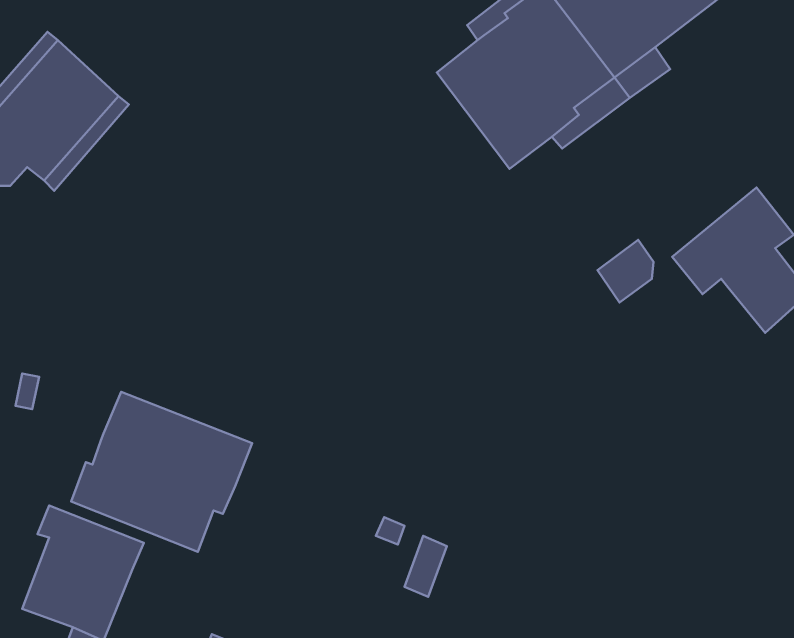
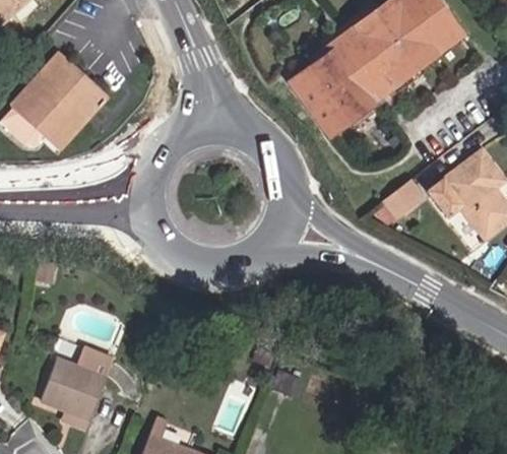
building: [71,392,252,552] -> none

